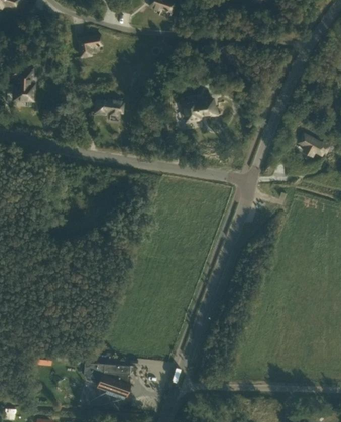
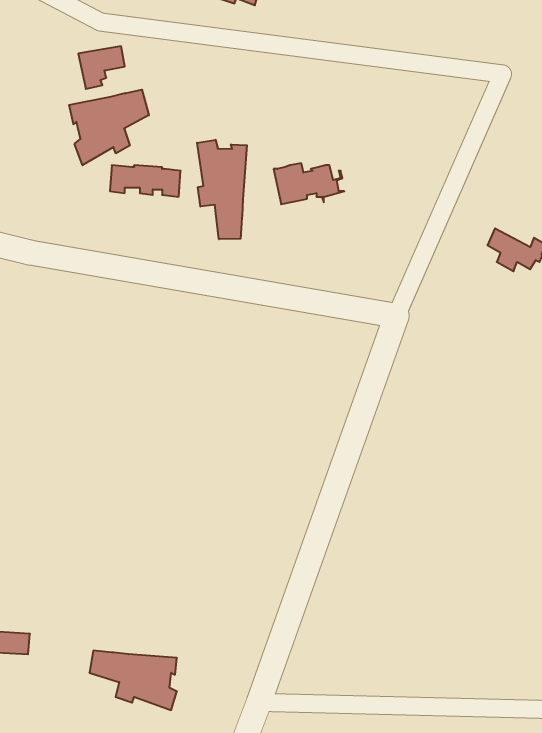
building: none -> [69,90,149,165]
building: none -> [197,140,247,239]

